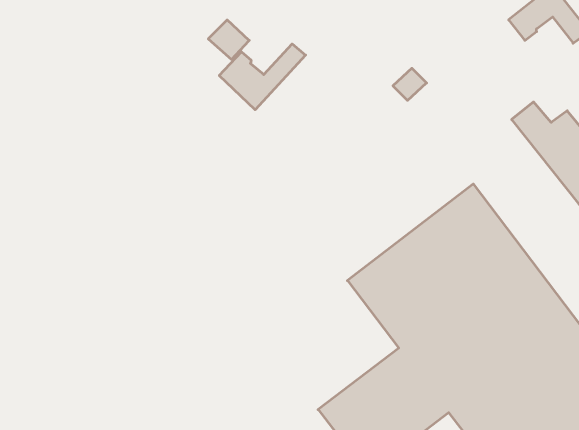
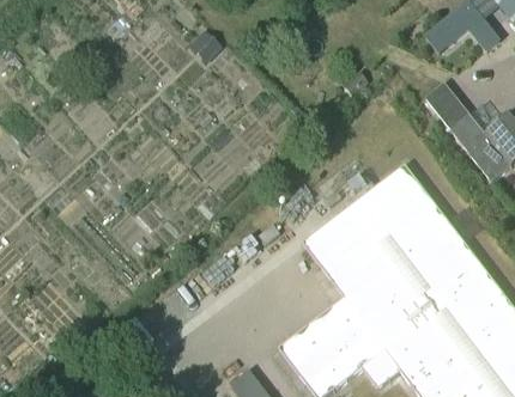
building: [219,44,306,110] -> none

